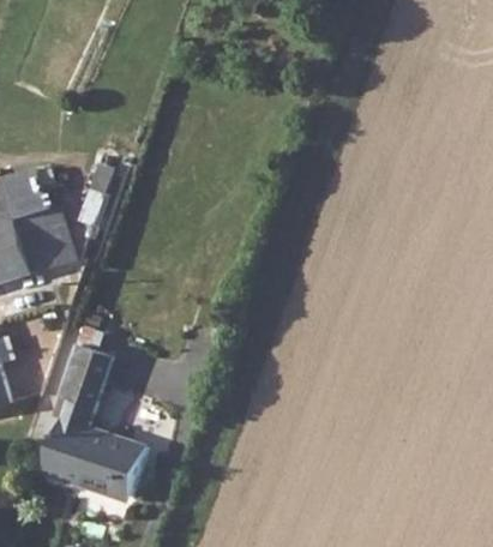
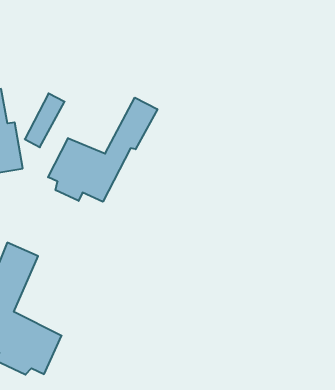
building: none -> [48,98,157,202]

